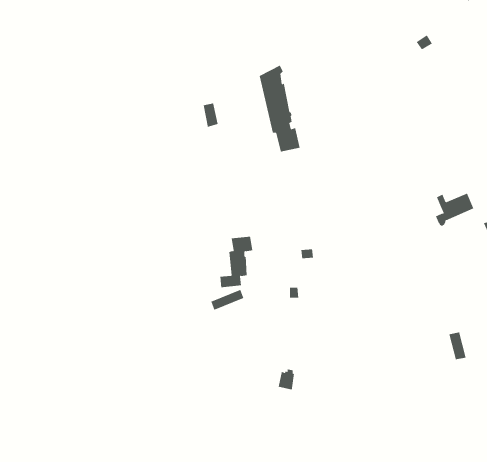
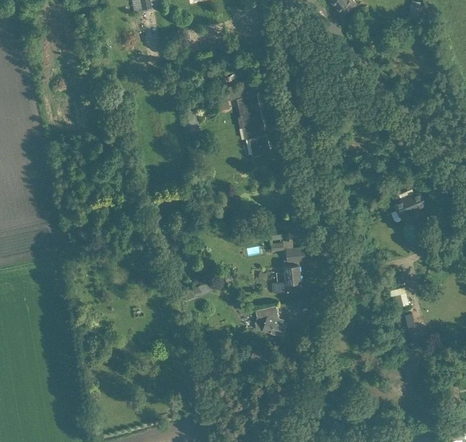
building: [219,236,253,288] -> [276,247,306,293]
building: none -> [256,306,287,336]

